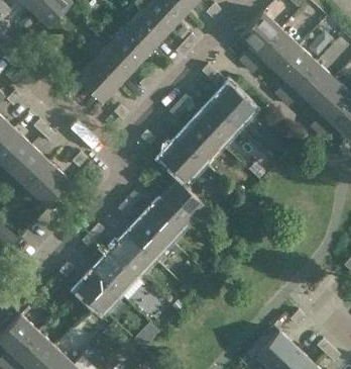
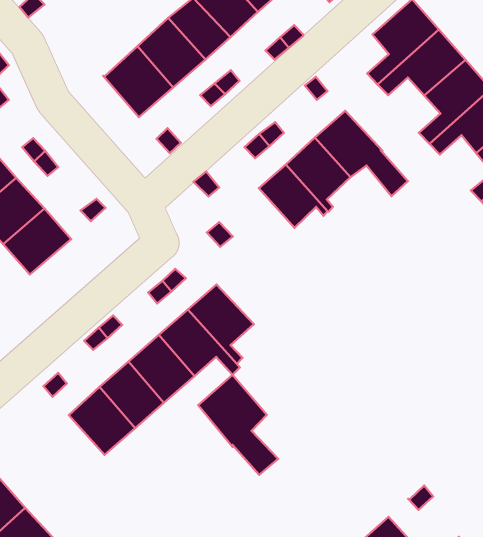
building: [161,137,204,179] -> none
building: [159,180,202,221] -> none
building: none -> [198,375,278,475]

